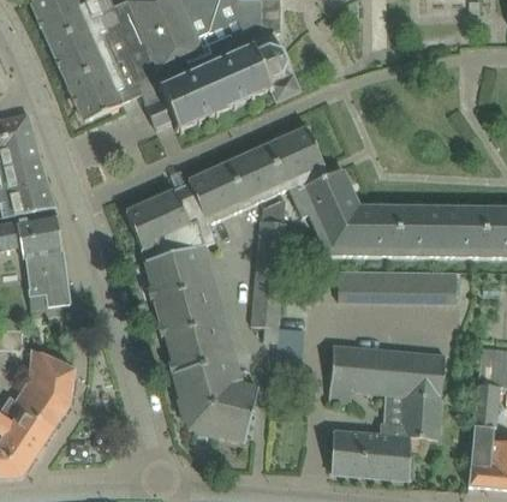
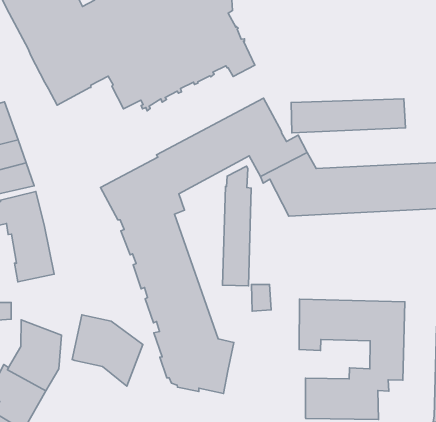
building: [338,269,460,304] -> [291,99,406,133]
building: none -> [72,315,143,386]

